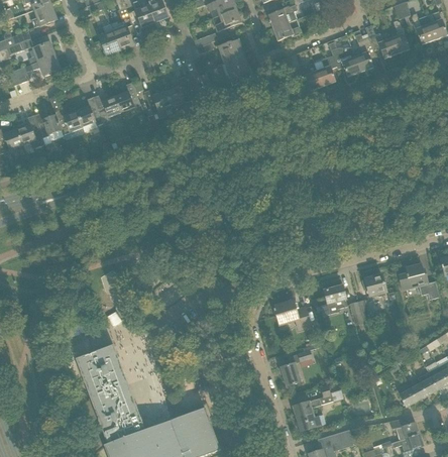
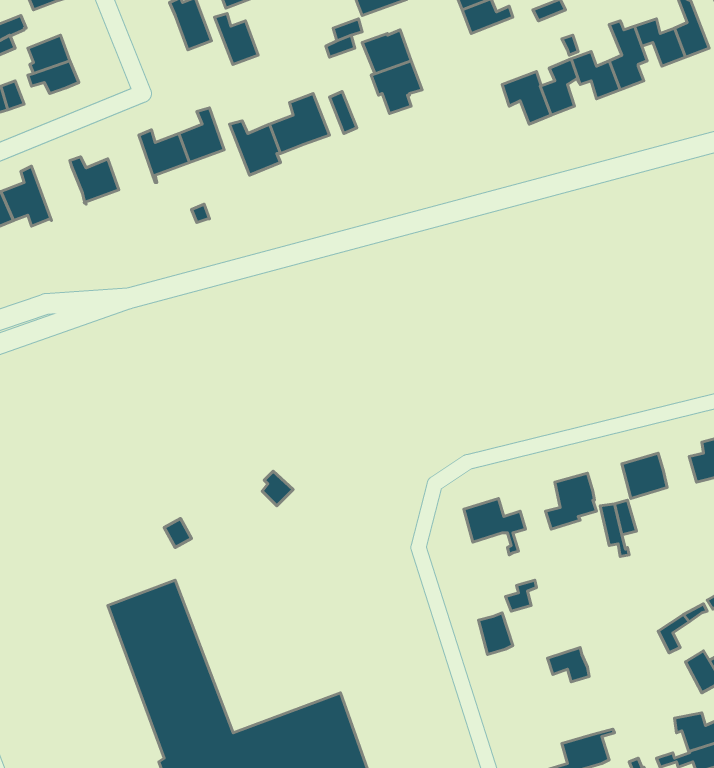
building: [96,26,120,54] -> [215,14,258,64]
building: [76,97,102,127] -> none
building: [33,112,64,144] -> none
building: [293,397,325,430] -> none

